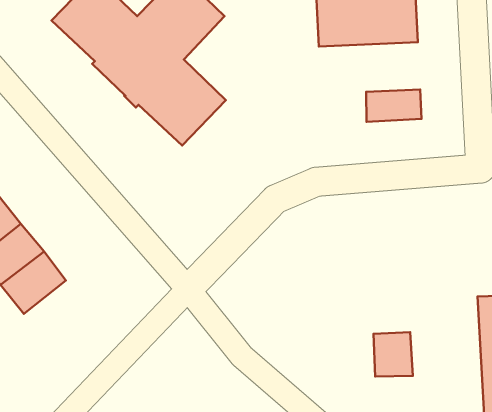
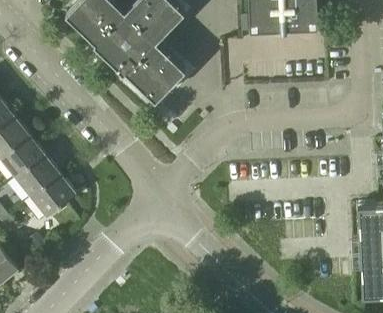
building: [366,90,421,122] -> none
building: [373,332,413,377] -> none

